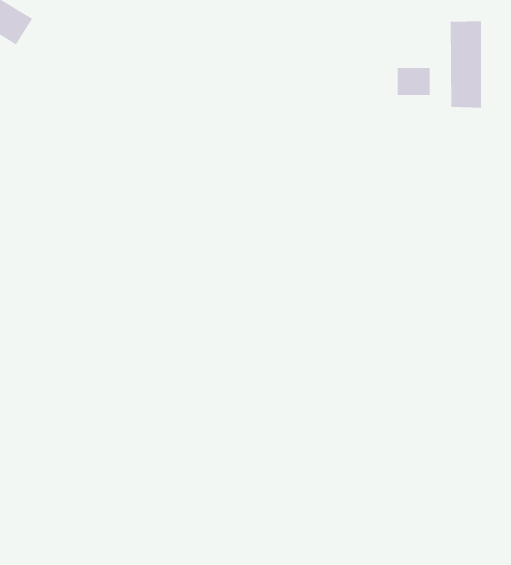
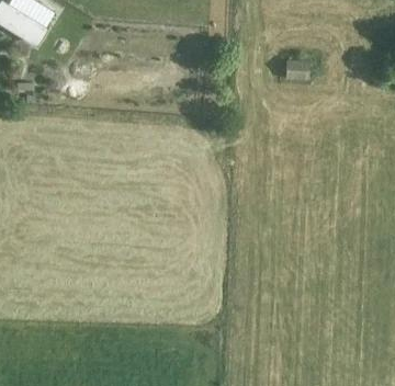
building: [450,21,482,109] -> none

